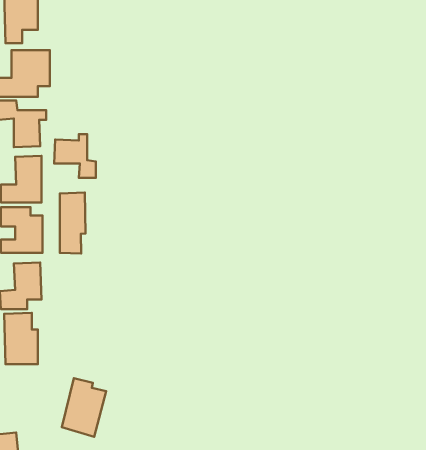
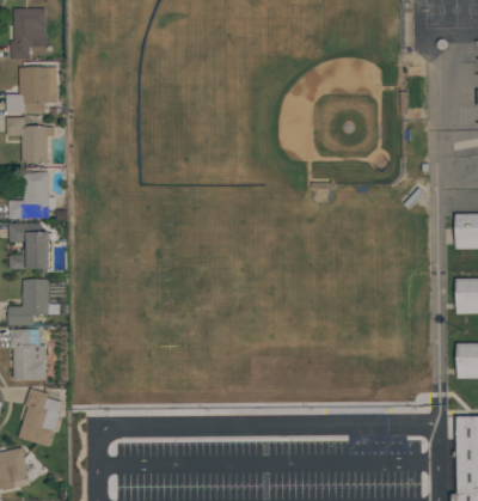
building: [54,134,96,178] -> none
building: [60,192,86,254] -> none
building: [62,378,106,437] -> [18,387,62,446]

